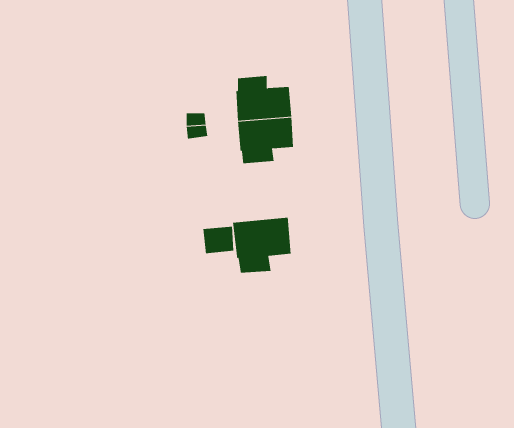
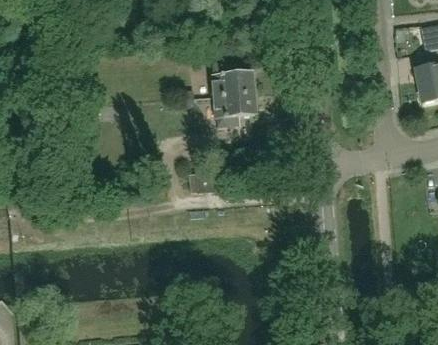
building: [232,217,291,274] -> none

